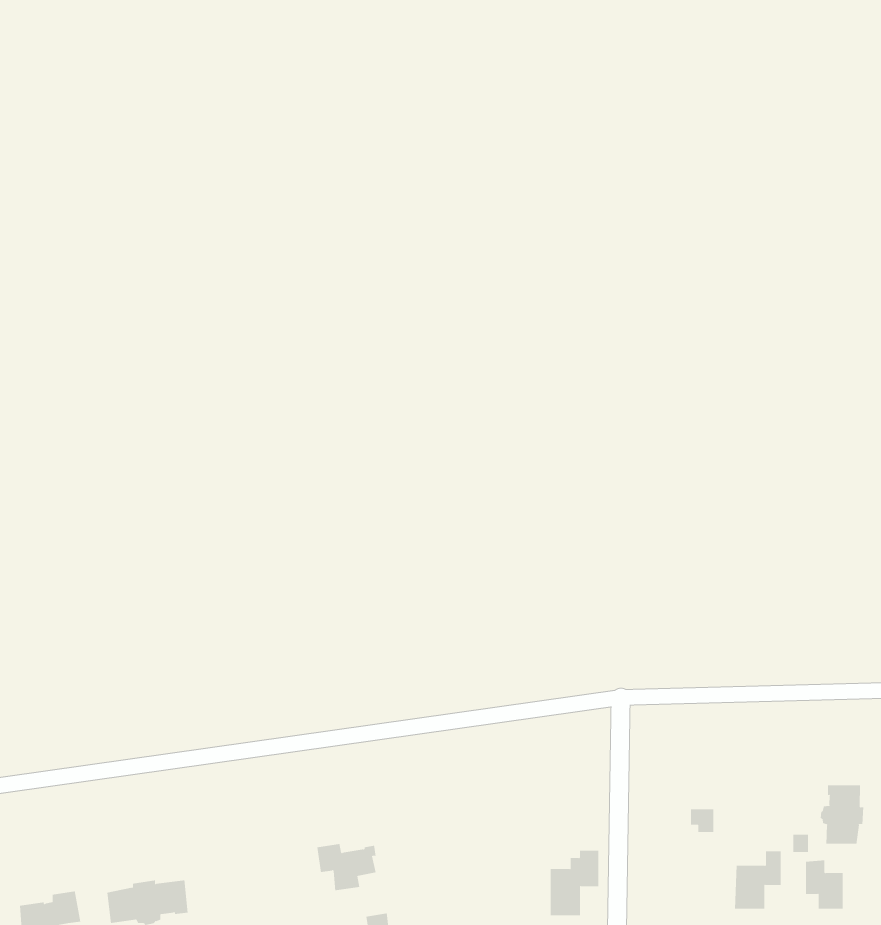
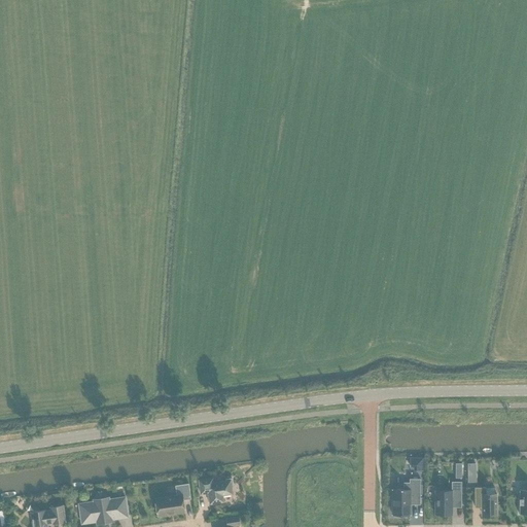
building: [820,784,864,844] -> none
building: [550,850,599,916] -> [393,479,421,516]
building: none -> [155,484,191,516]

